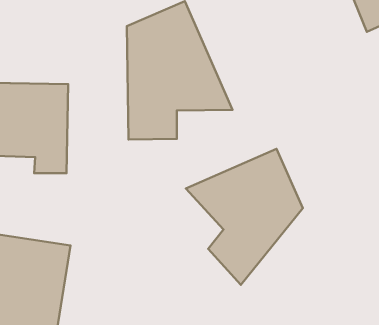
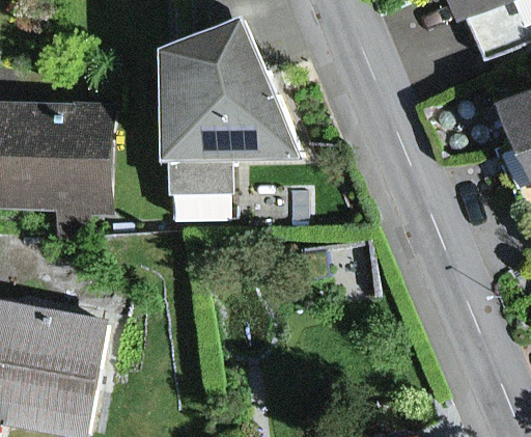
building: [186,149,303,285] -> none

